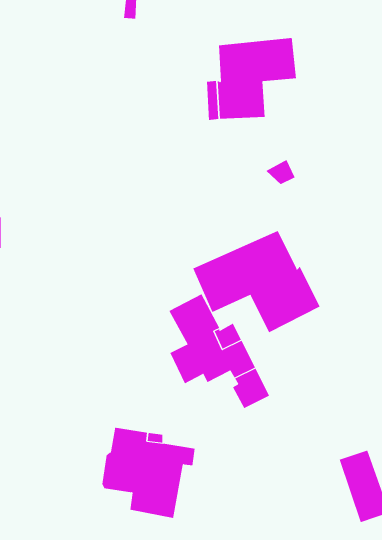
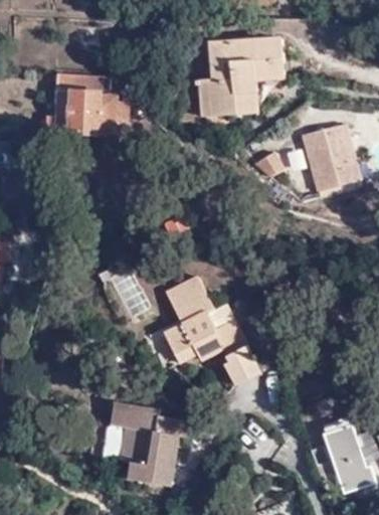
building: none -> [46,74,127,134]
building: none -> [303,123,359,189]
building: [193,230,321,333] -> none

